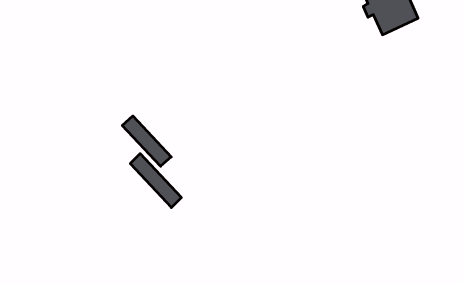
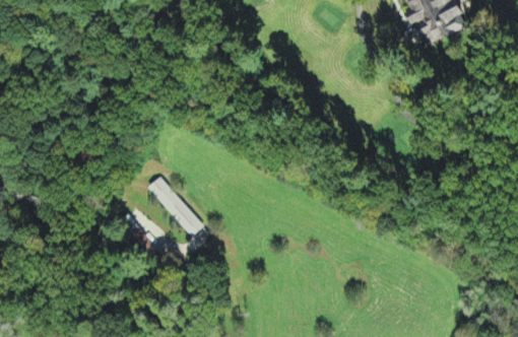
building: [122,116,171,166] -> none

